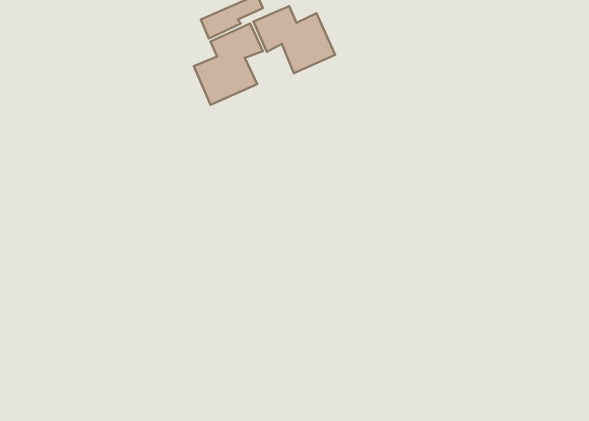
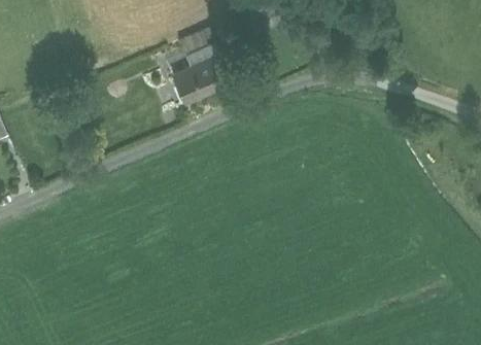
building: [254,6,335,73] -> none

